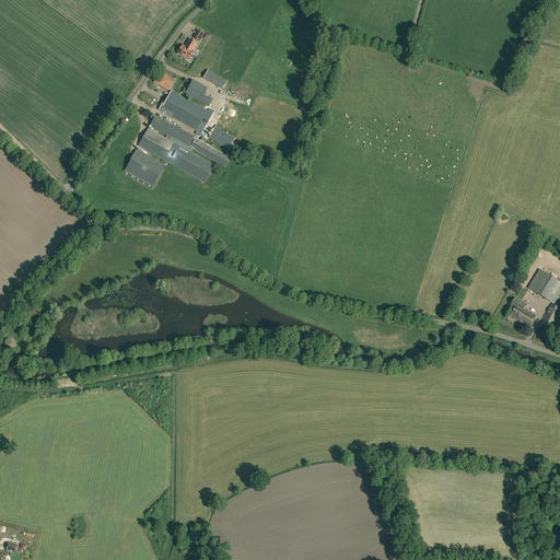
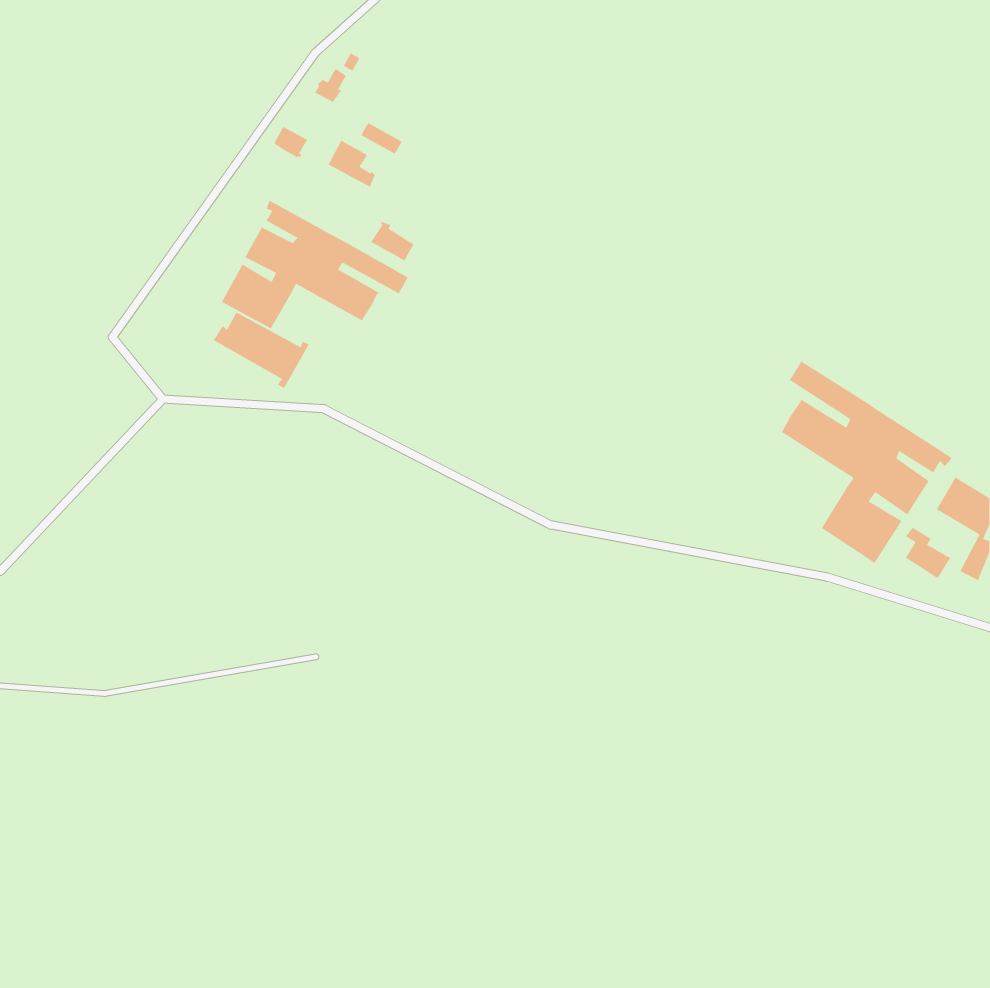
building: [159,92,213,136] -> [213,311,310,389]
building: none -> [781,361,953,564]

